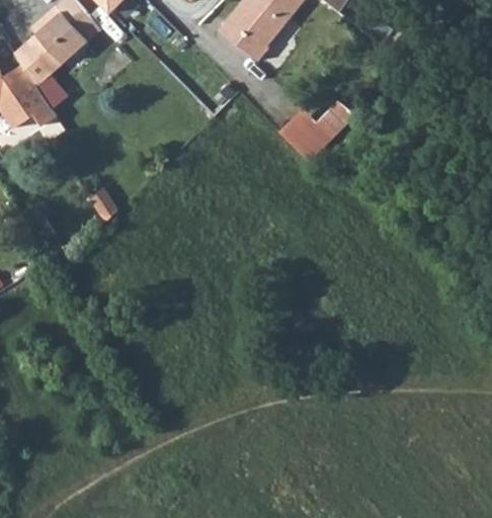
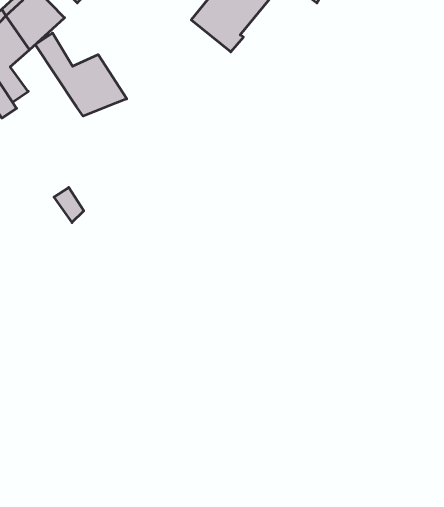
building: none -> [35,33,127,116]
building: [280,101,355,164] -> none

